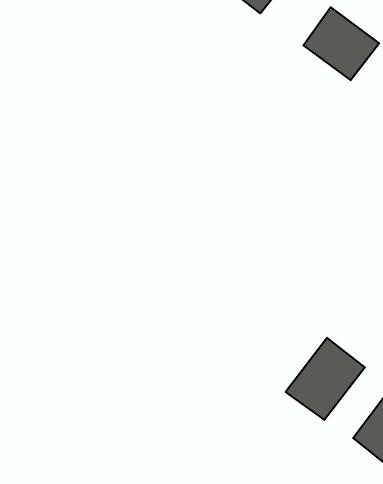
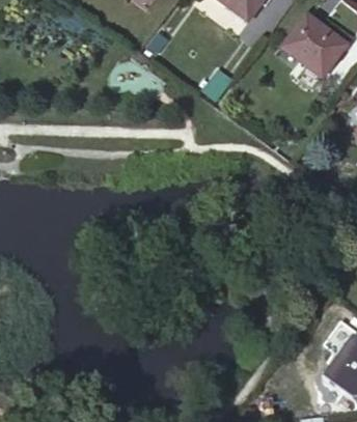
building: [286,338,365,420] -> none

